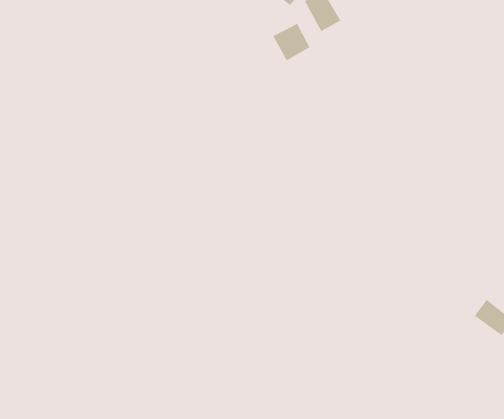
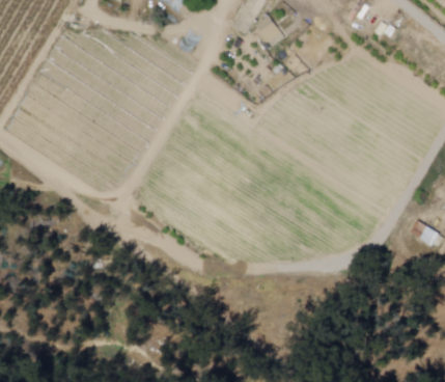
building: [272,23,311,62] -> none

